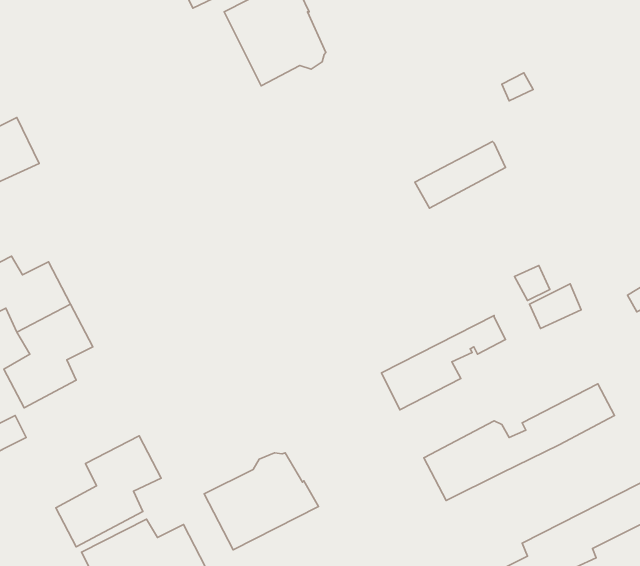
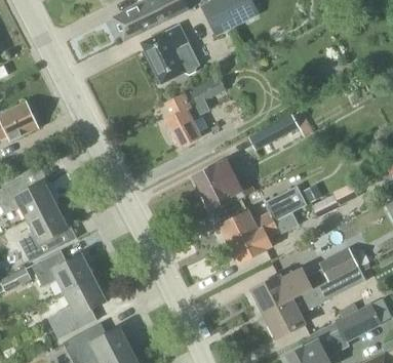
building: none -> [164,77,225,148]
building: none -> [194,160,241,206]
building: none -> [219,186,306,243]
building: none -> [31,251,93,293]
building: none -> [264,267,364,337]
building: [204,453,318,550] -> none

